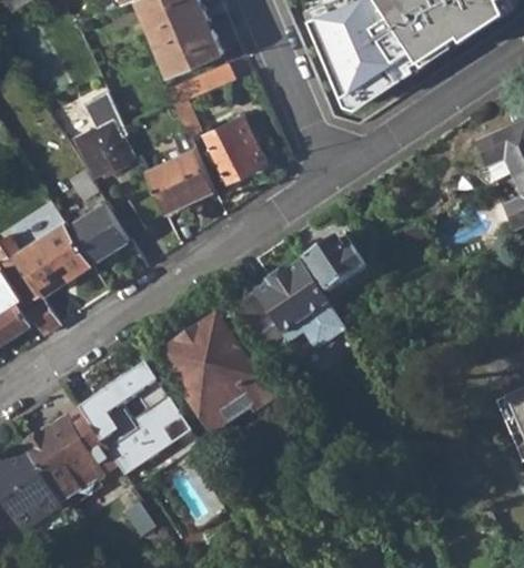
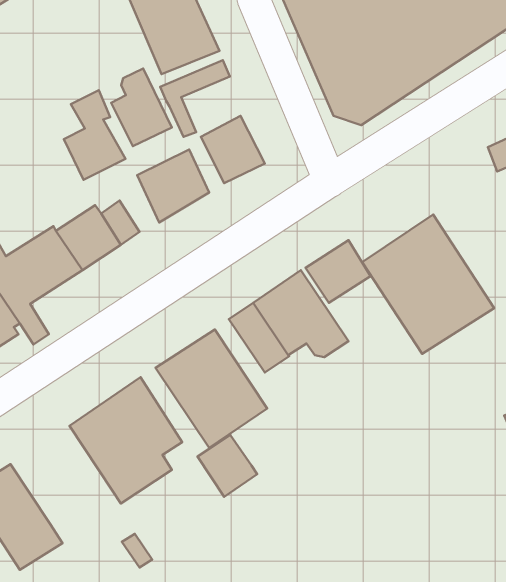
building: none -> [111,68,172,146]
building: none -> [362,215,494,354]
building: [22,408,120,501] -> none
building: none -> [198,435,257,497]

